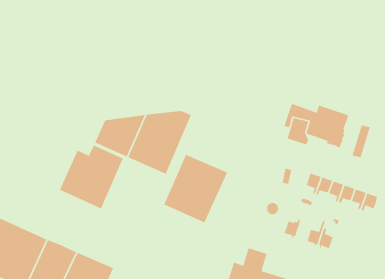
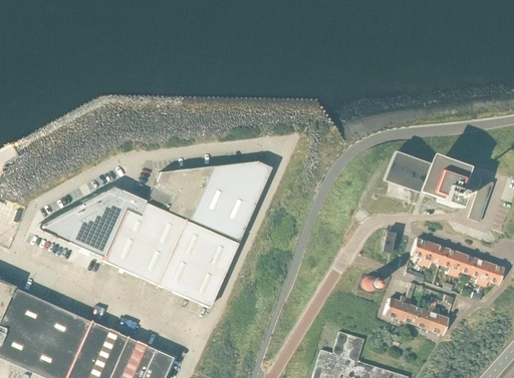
building: none -> [39,185,147,258]
building: [163,154,228,223] -> [158,221,239,308]
building: none -> [401,283,420,325]

